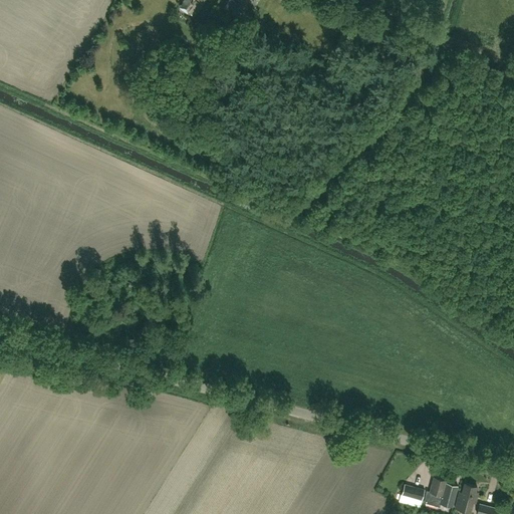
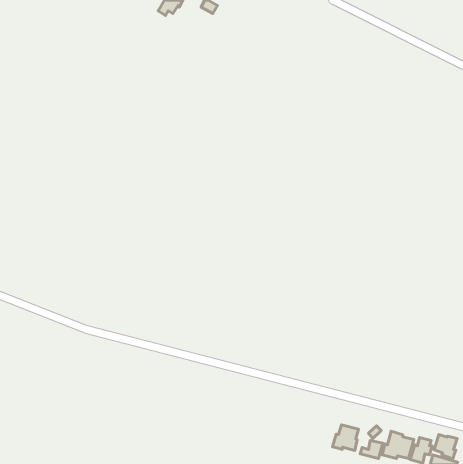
building: none -> [333,425,359,450]
building: none -> [434,434,457,459]

